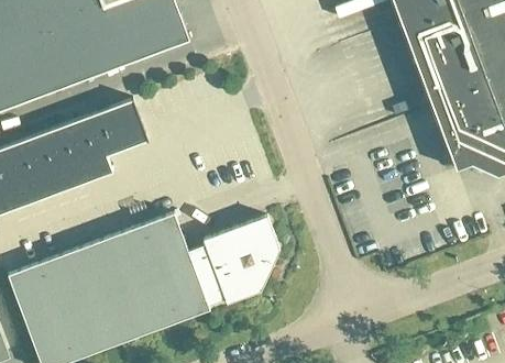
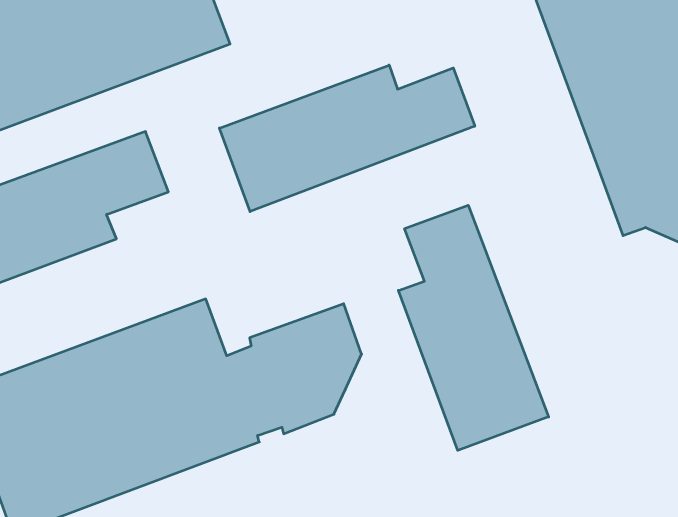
building: none -> [219,65,475,212]
building: none -> [398,205,549,450]

